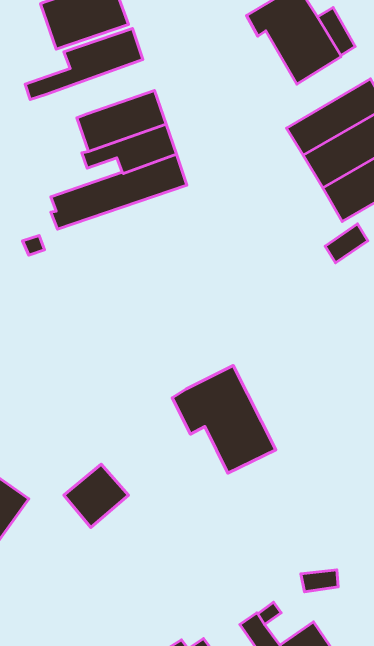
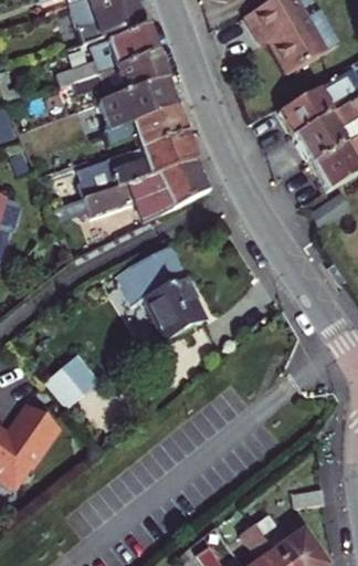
building: none -> [74,53,167,99]
building: none -> [76,160,210,220]
building: [172,366,276,473] -> [117,247,206,338]
building: [64,464,128,528] -> [45,354,101,408]

